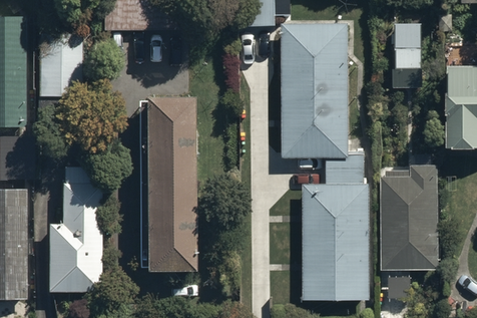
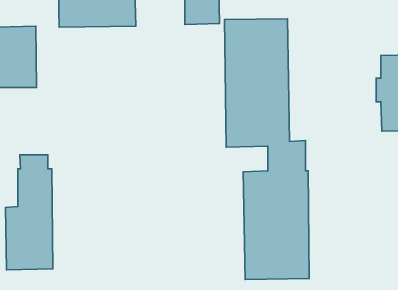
building: [392,22,422,83] -> none
building: [143,92,191,264] -> none
building: [379,174,440,268] -> none

